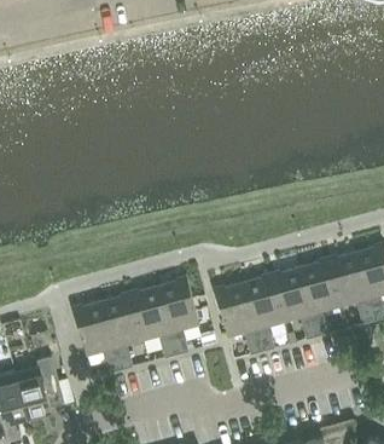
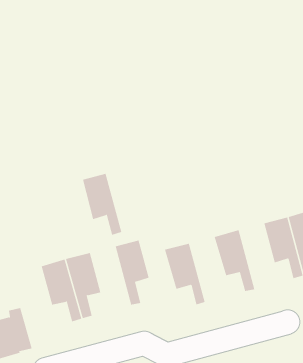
building: [301,263,341,339] -> none
building: [244,278,285,353] -> none
building: [130,289,176,361] -> [82,173,122,235]

